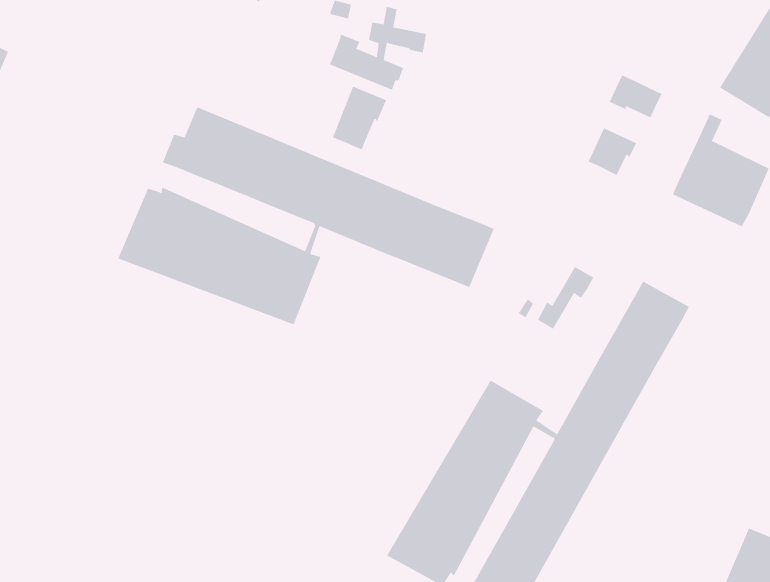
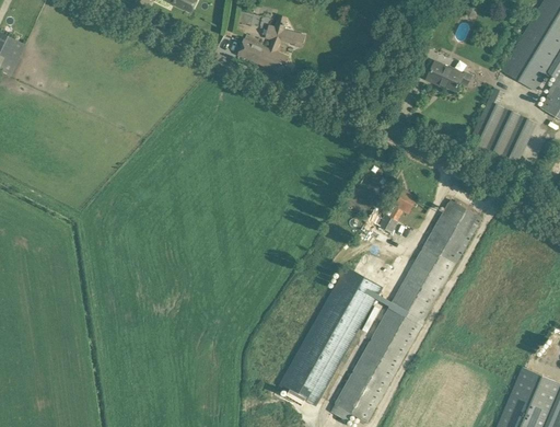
building: [332,86,387,150] -> none
building: [118,107,494,325] -> none
building: [588,127,637,176] -> none

